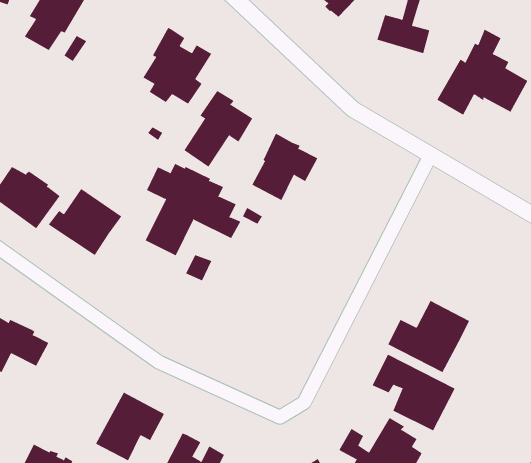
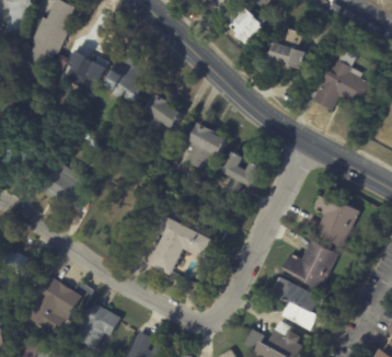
building: none -> [64,48,111,93]
building: [145,163,241,256] -> [155,211,222,276]
building: none -> [227,151,270,198]
building: none -> [311,191,357,243]
building: none -> [24,275,84,336]

